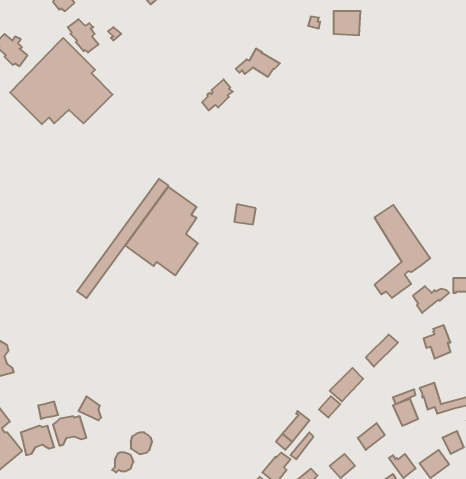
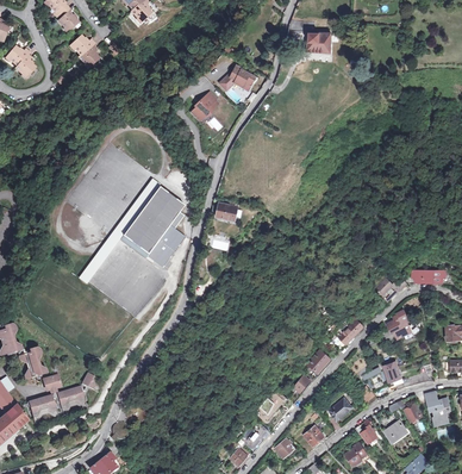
building: [10,38,113,124] -> none
building: [375,205,430,298] -> none
building: none -> [19,347,49,381]

